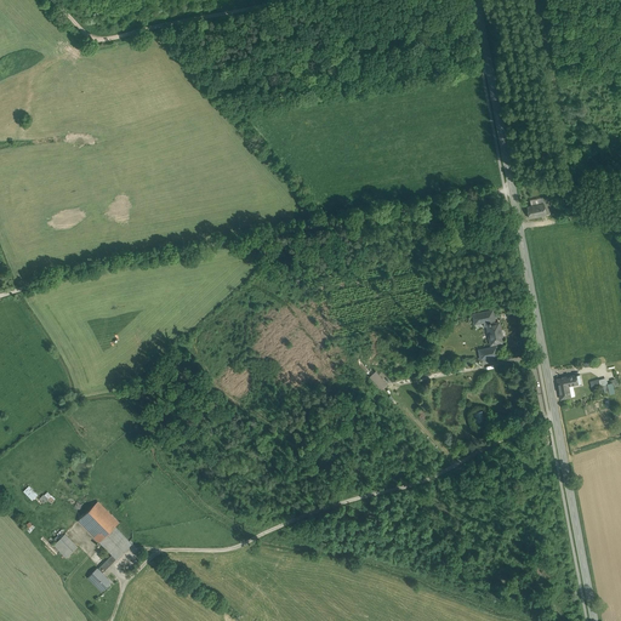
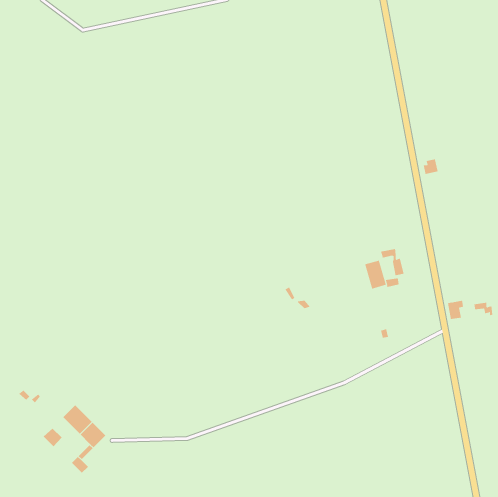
building: none -> [365,260,386,289]

